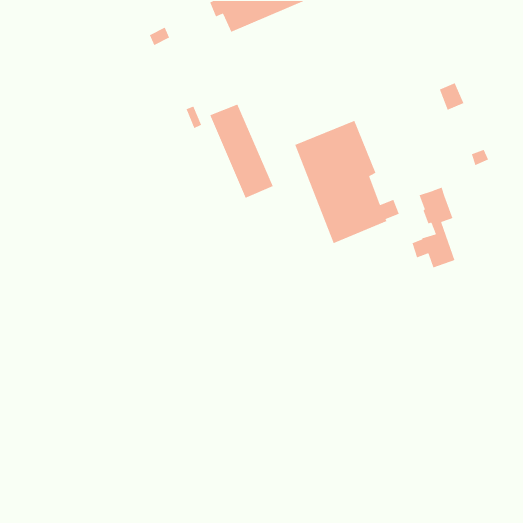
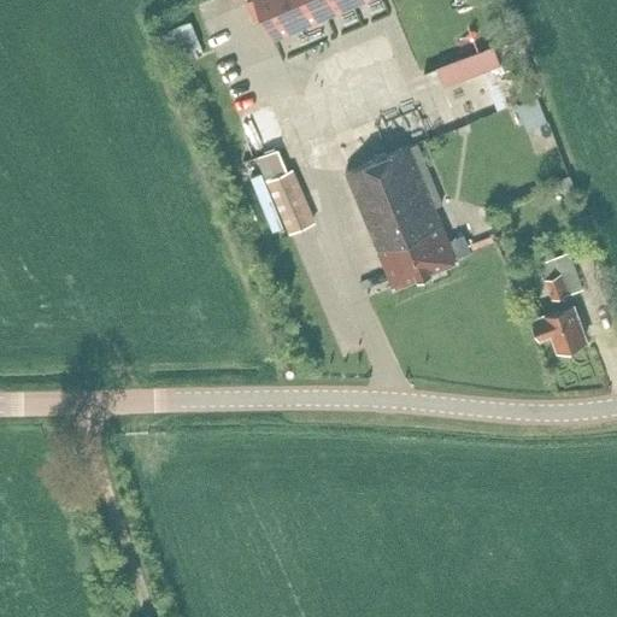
building: none -> [435,47,499,88]
building: [411,187,455,269] -> [533,253,584,349]

